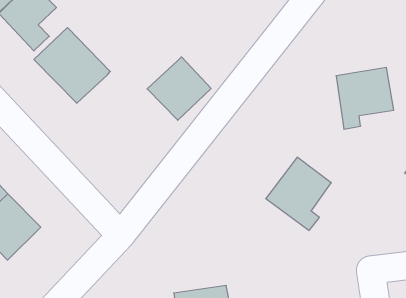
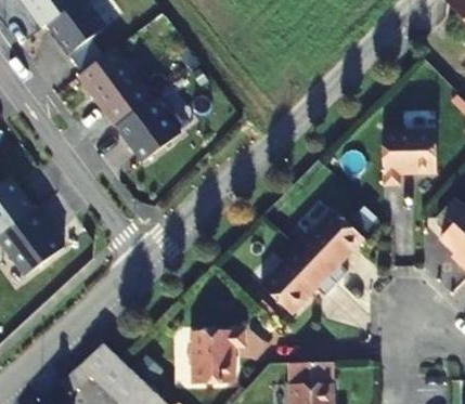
building: [147,57,211,120] -> [115,99,180,162]
building: none -> [259,247,335,315]

